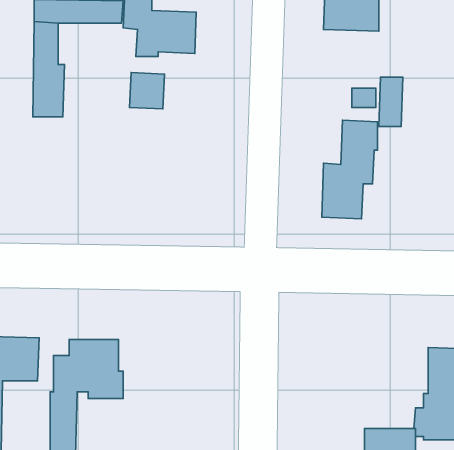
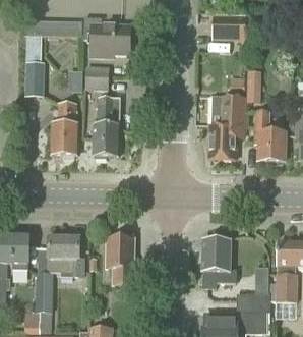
building: none -> [93,97,119,155]
building: none -> [52,102,78,154]
building: none -> [255,111,285,160]
building: none -> [106,237,133,283]
building: none -> [203,239,237,286]

